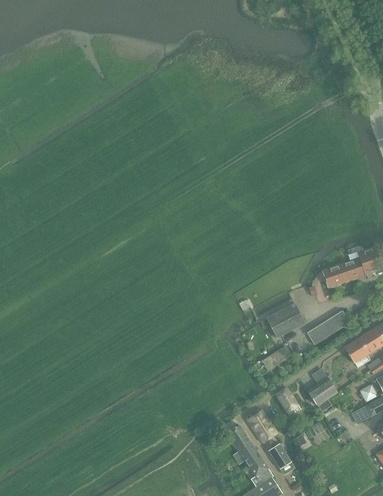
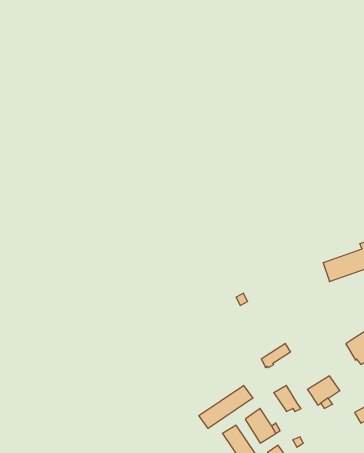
building: [266,303,305,338] -> none
building: [306,310,350,345] -> none
building: none -> [199,385,253,428]

